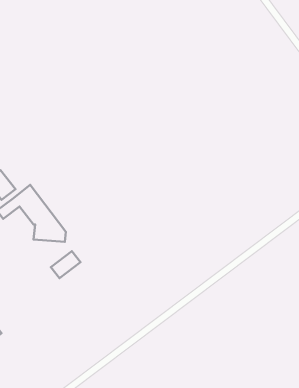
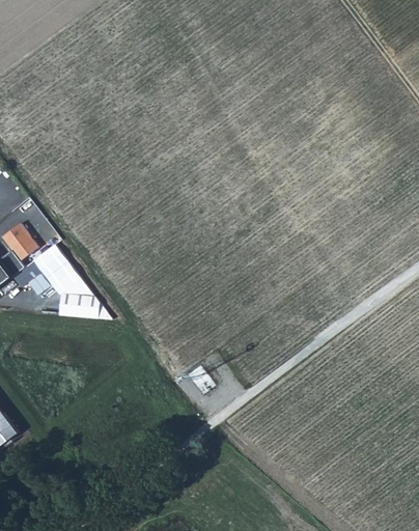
building: [51,251,80,278] -> none

